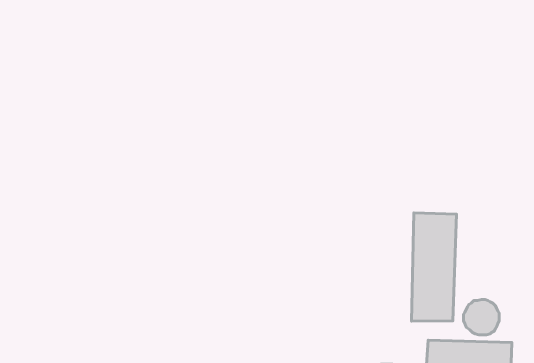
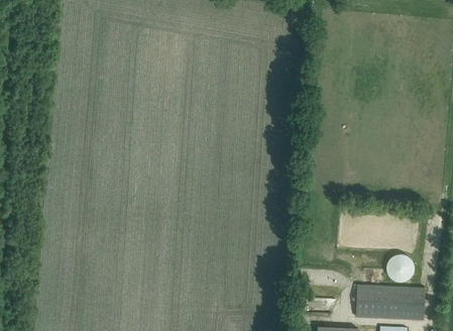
building: [412,213,456,321] -> none

